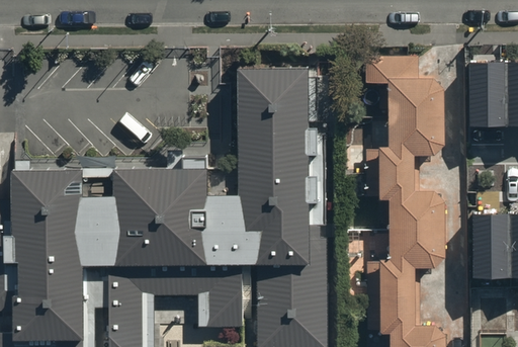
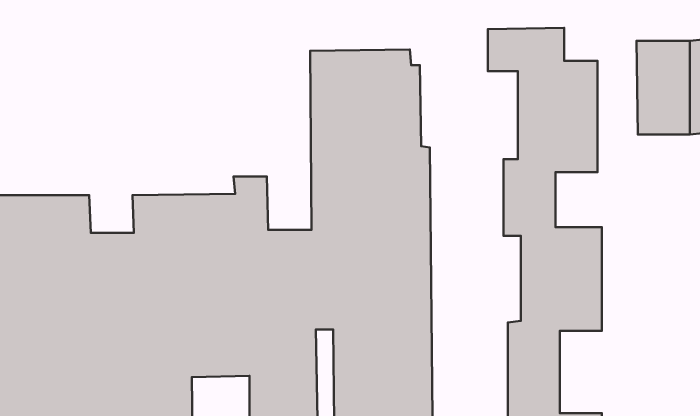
building: [471,212,509,279] -> none

